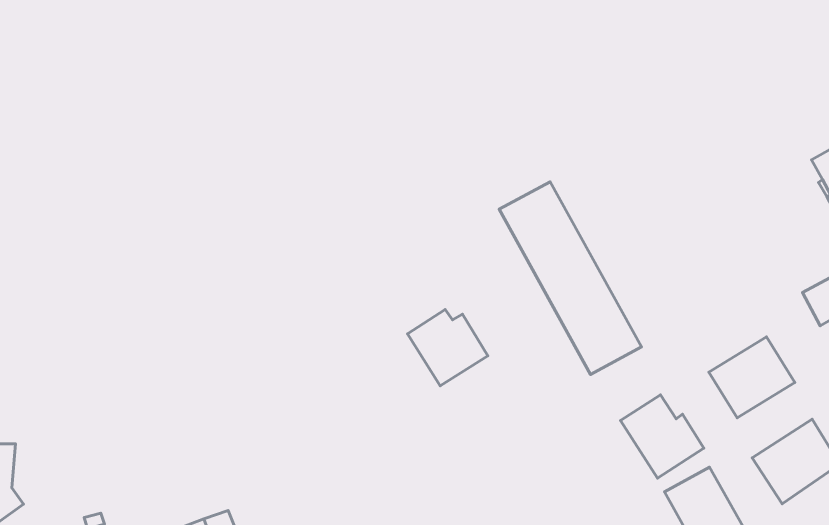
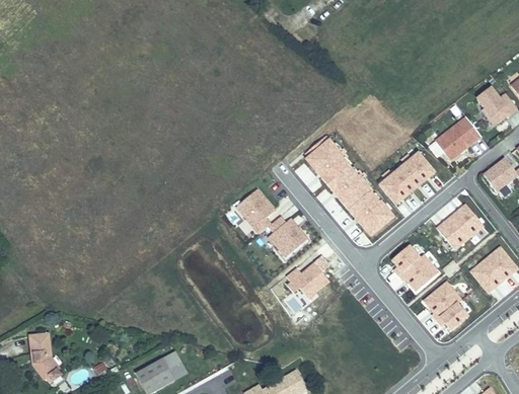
building: none -> [433,115,478,159]
building: none -> [376,149,437,207]
building: none -> [227,187,277,234]
building: none -> [283,261,330,303]

